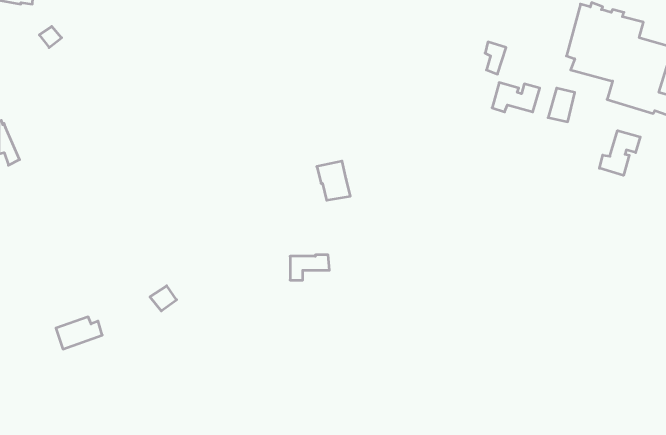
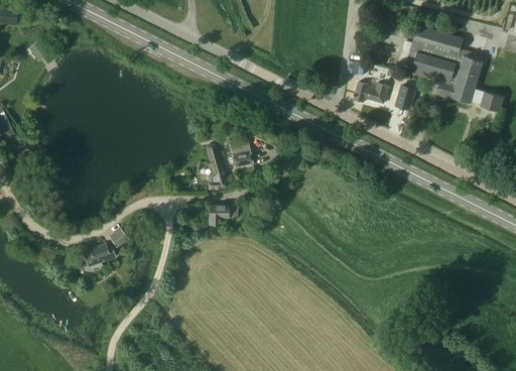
building: [599,131,640,175] -> none
building: none -> [206,144,225,190]
building: [56,317,102,349] -> [82,243,115,266]

